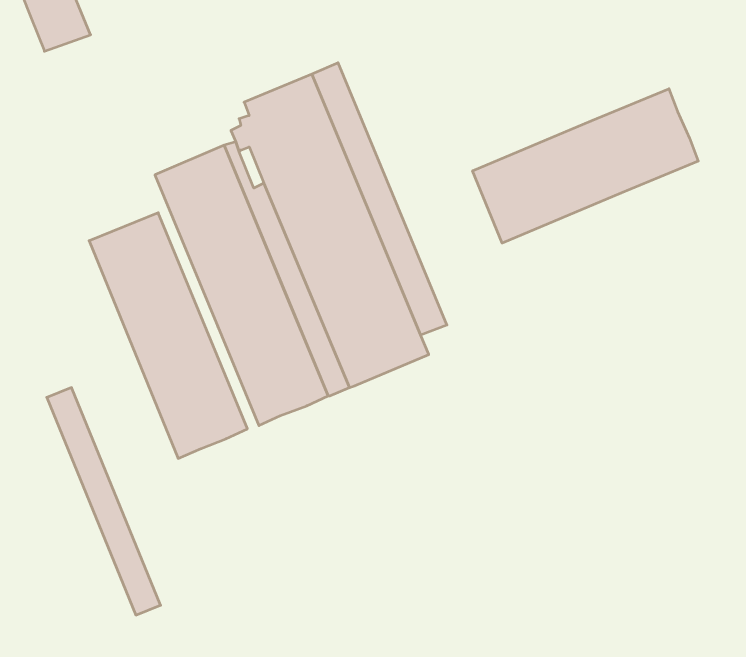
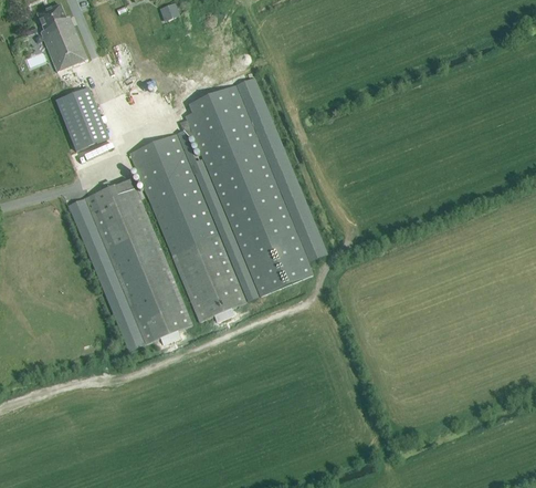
building: none -> [55,87,108,153]
building: [473,89,698,243] -> none
building: [47,388,161,615] -> [69,197,145,350]

